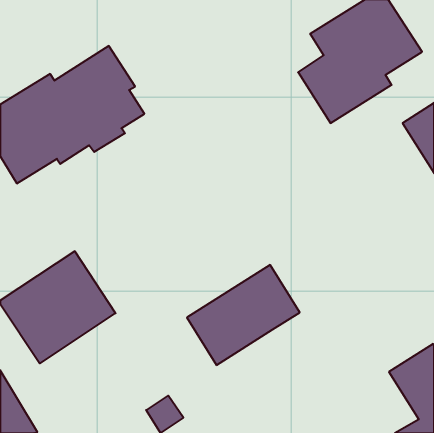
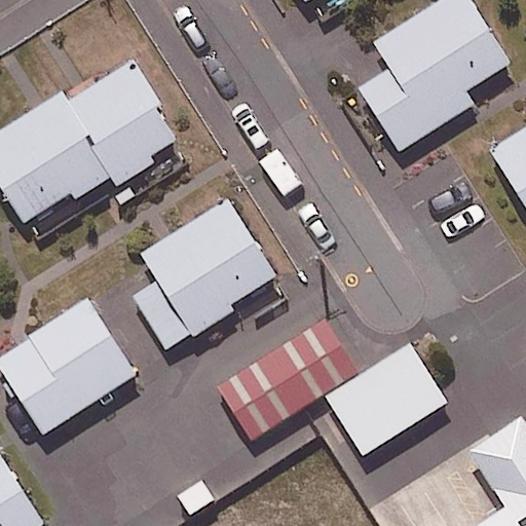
building: none -> [130,198,273,349]
building: none -> [330,346,451,458]

